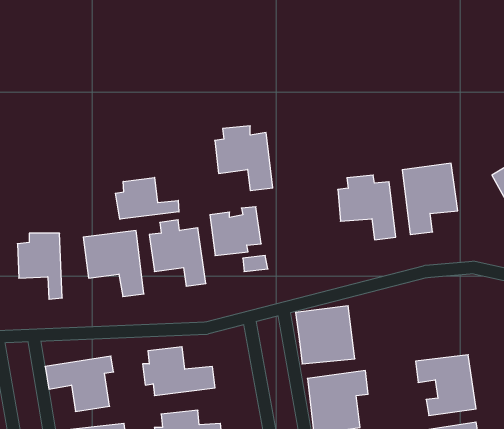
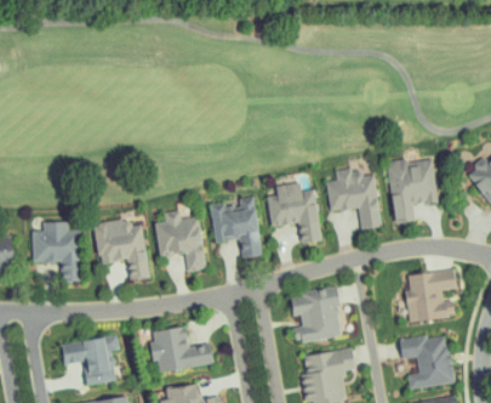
building: [215,126,273,191] -> [268,182,321,242]
building: [115,177,179,219] -> none
building: none -> [406,267,458,320]

